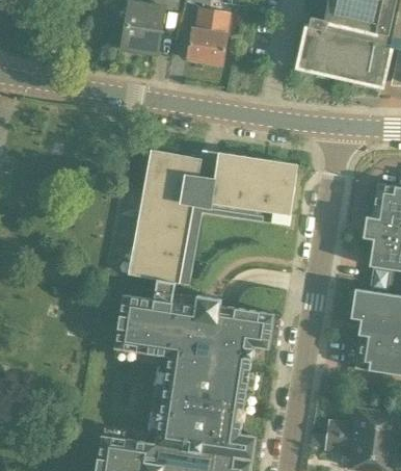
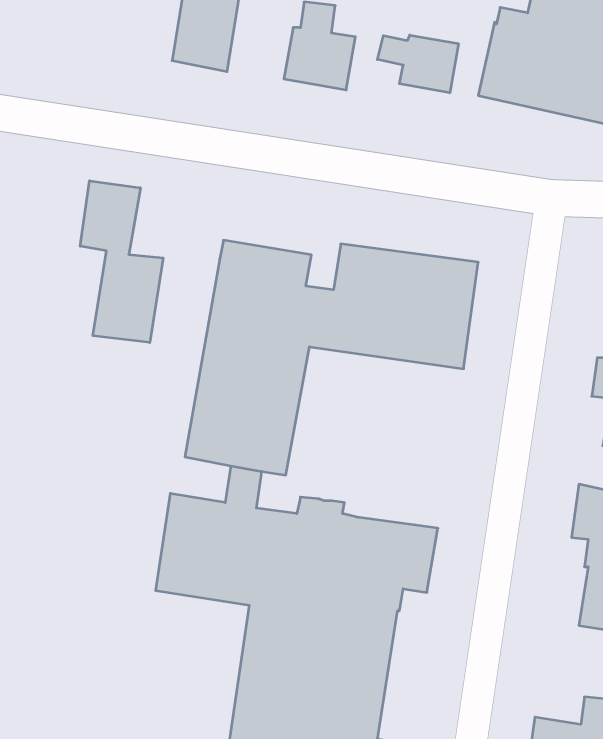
building: none -> [377,35,458,93]
building: none -> [80,181,163,343]

